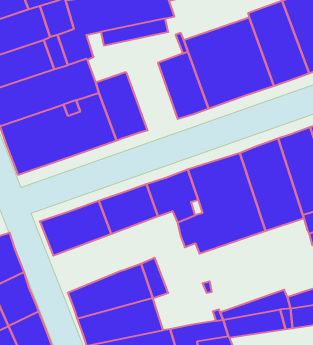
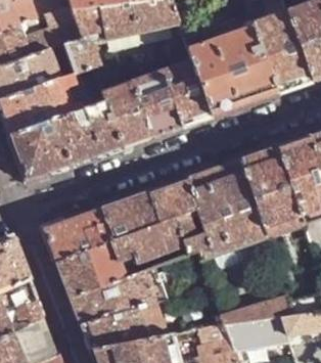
building: none -> [132,72,182,138]
building: none -> [59,218,185,299]

